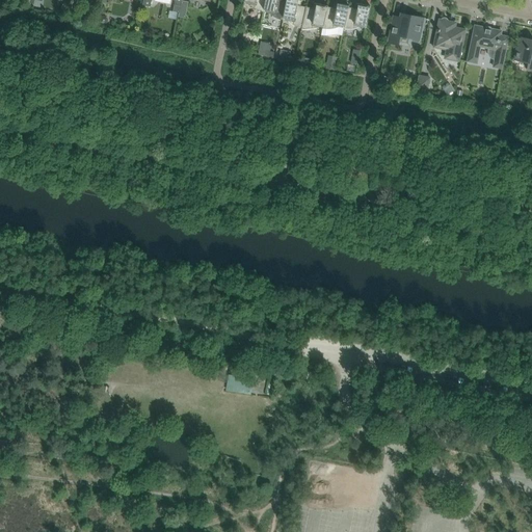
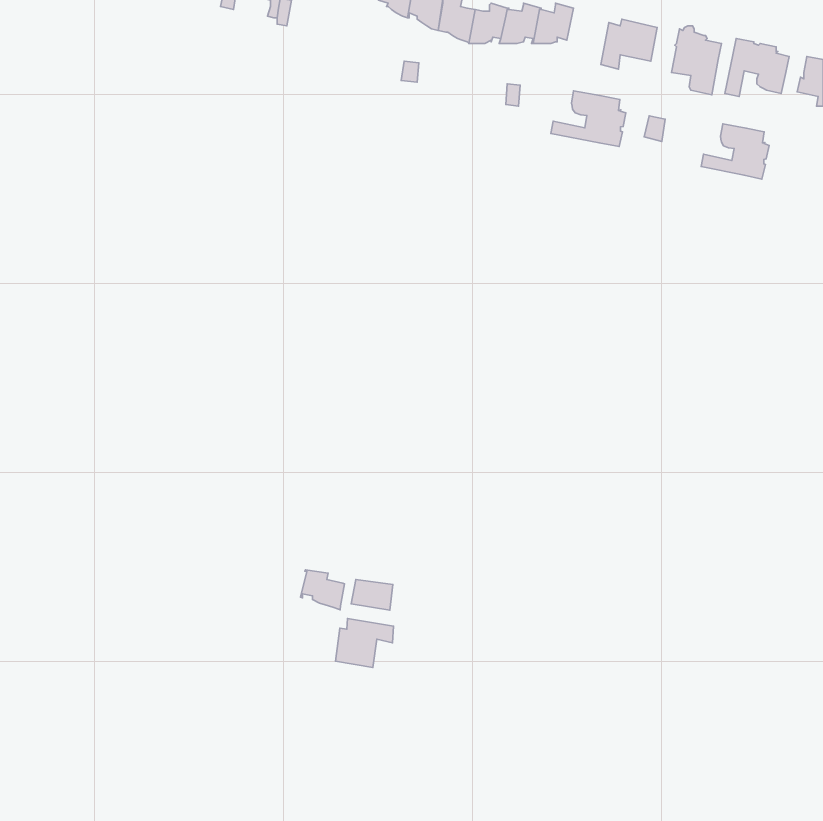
building: none -> [551,91,626,147]
building: none -> [701,124,769,179]
building: none -> [301,570,345,610]
building: none -> [336,618,394,667]

